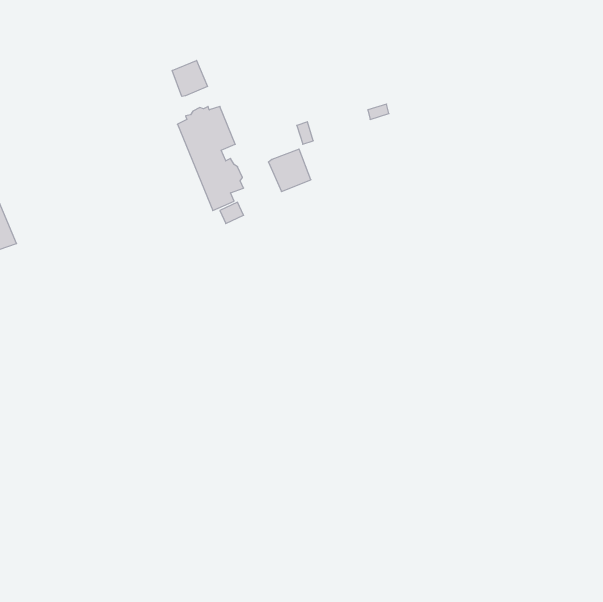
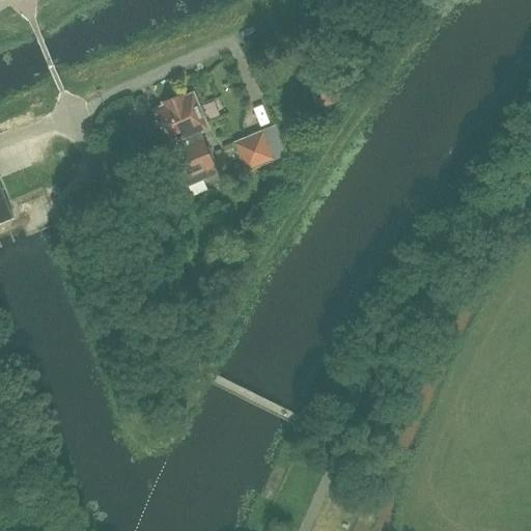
building: [172,60,208,96] -> none

